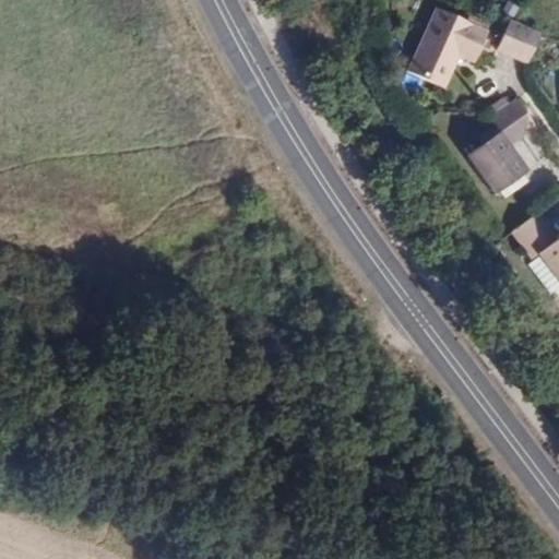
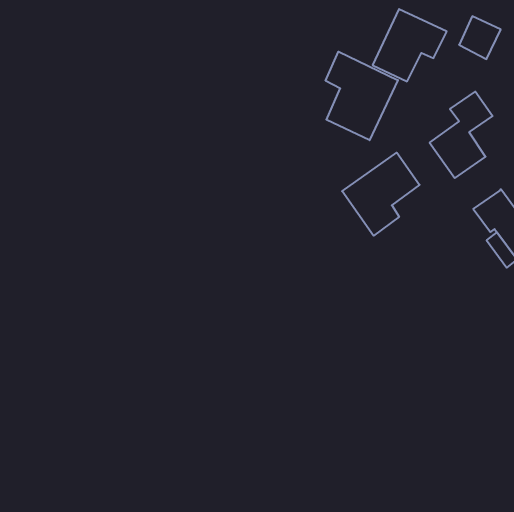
building: none -> [326,52,398,140]
building: none -> [342,153,420,236]

